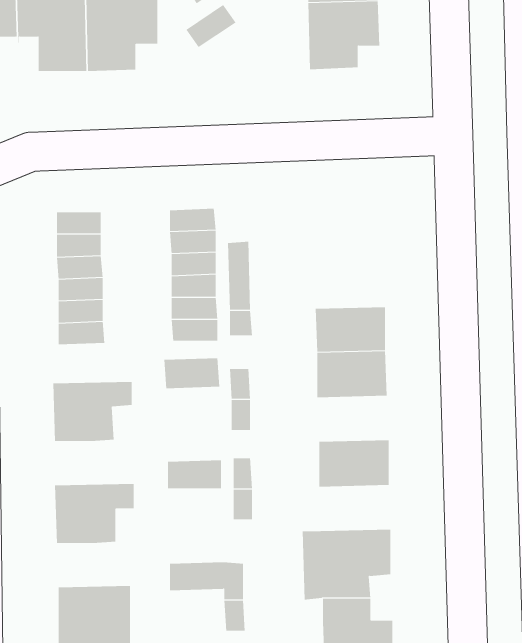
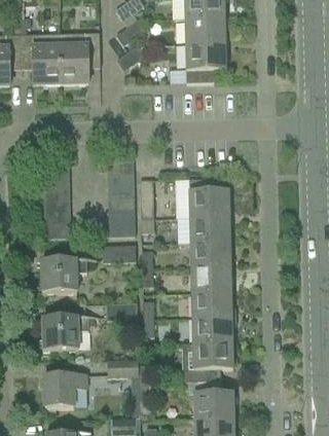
building: none -> [189,178,229,217]
building: none -> [190,266,231,292]
building: none -> [191,317,232,342]

